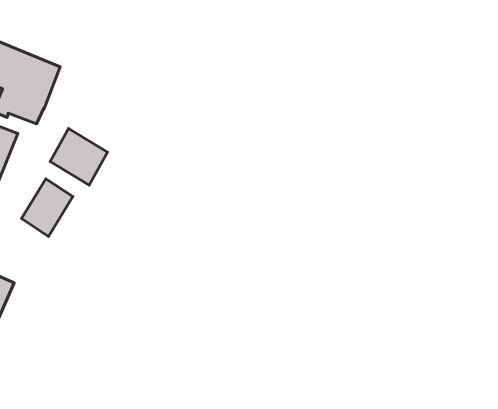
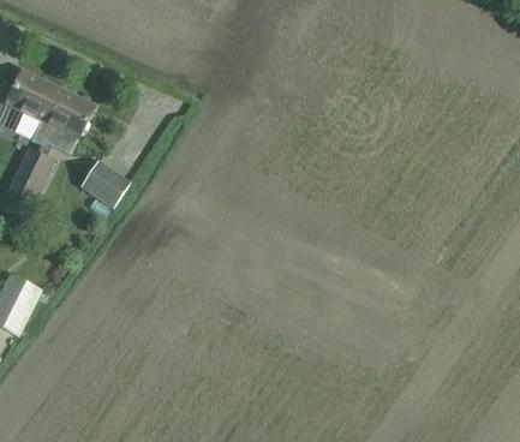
building: [22,179,73,236] -> none

